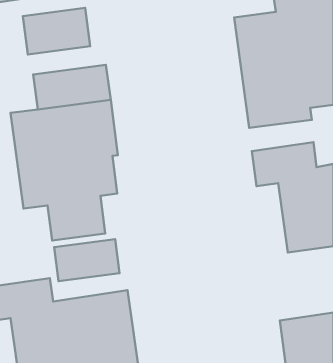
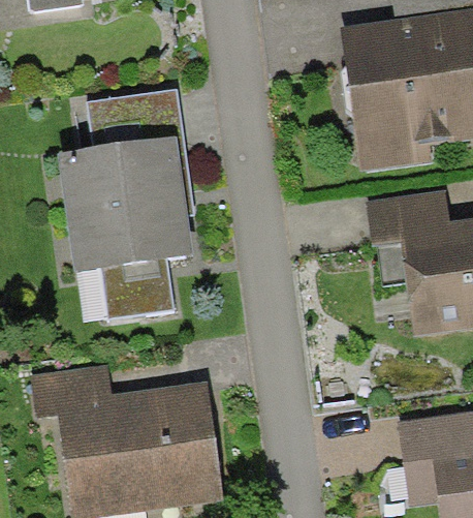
building: [23,8,90,54] -> none
building: [54,239,120,281] -> none

